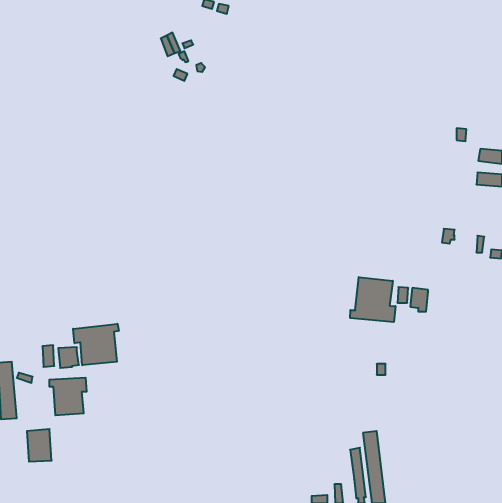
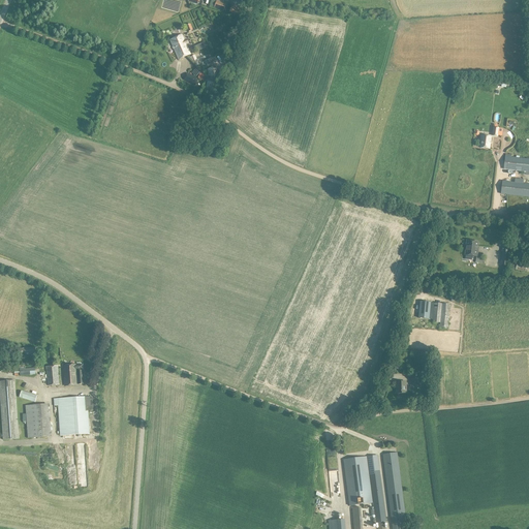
building: [350,277,395,322] -> none
building: [73,324,119,365] -> none
building: [27,429,52,462] -> [24,403,50,437]
building: none -> [341,456,371,505]

